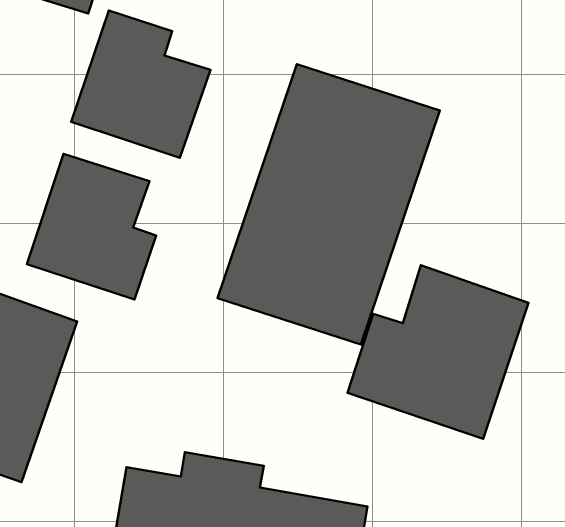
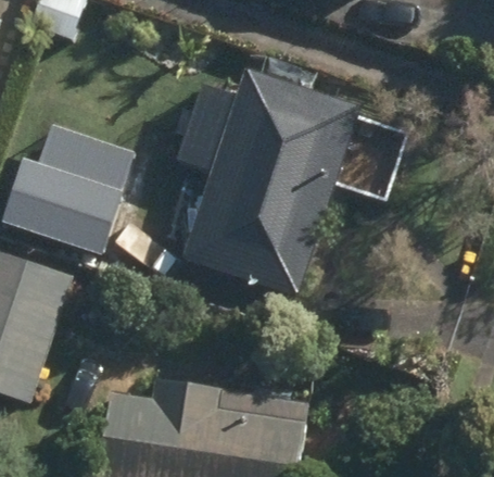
building: [71,11,211,158] -> none
building: [347,265,528,439] -> none

